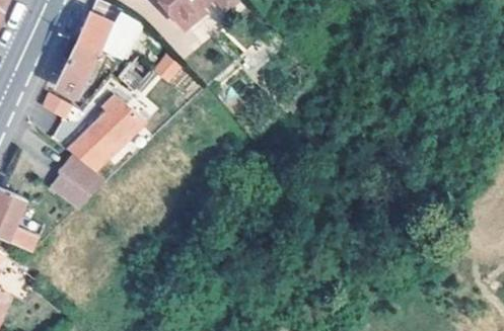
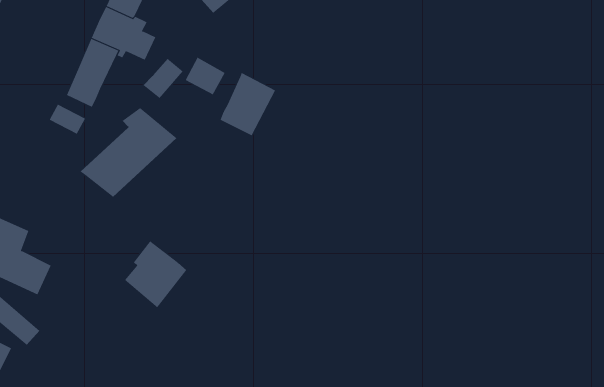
building: none -> [220,72,276,136]
building: [49,154,100,210] -> [124,240,187,308]

